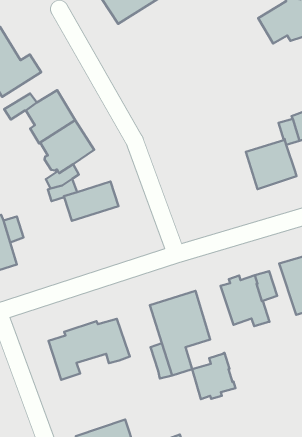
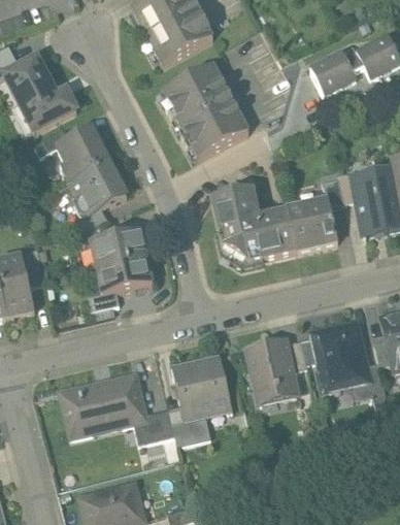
building: none -> [163,65,247,156]
building: none -> [211,188,295,260]
building: none -> [96,256,153,293]
building: none -> [134,406,174,440]
building: [192,353,236,399] -> none

